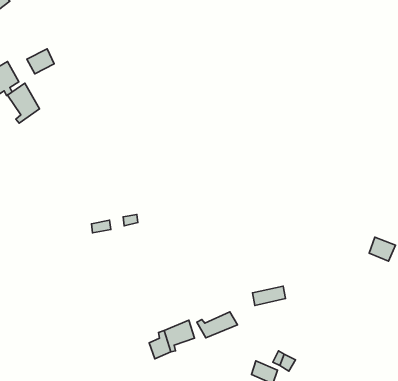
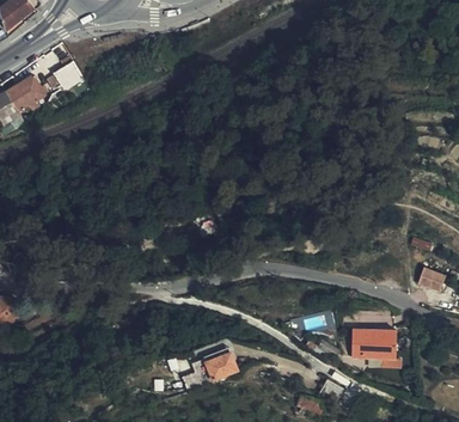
building: [7,83,40,123] -> none
building: none -> [348,328,394,359]
building: [197,312,237,338] -> none

